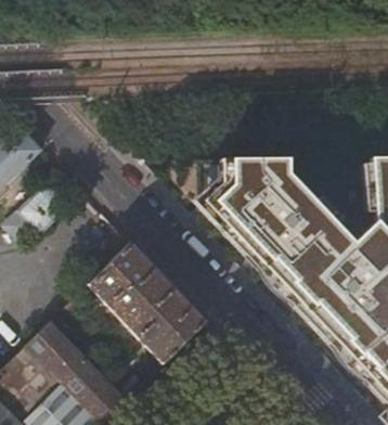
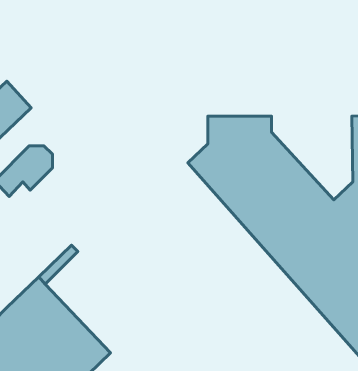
building: [89,243,205,362] -> none

